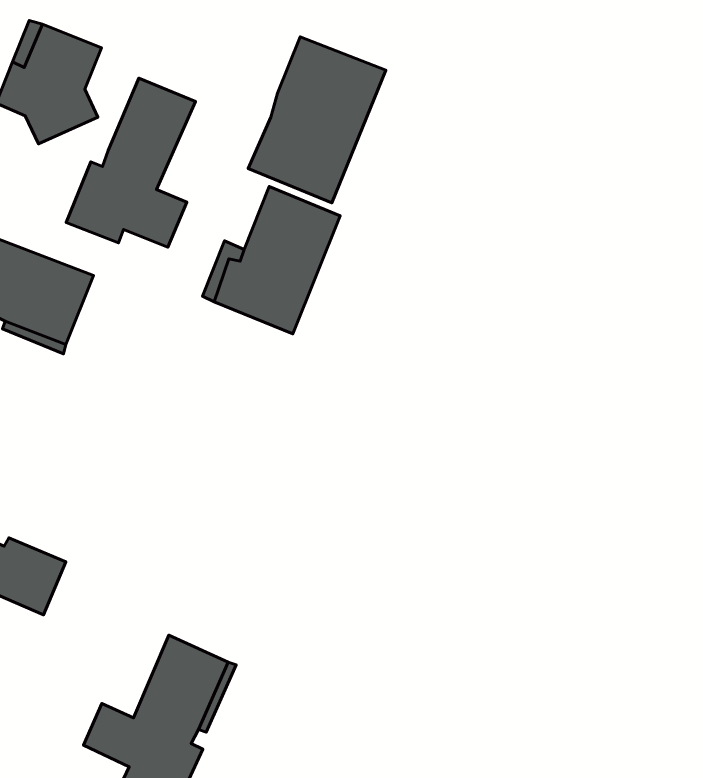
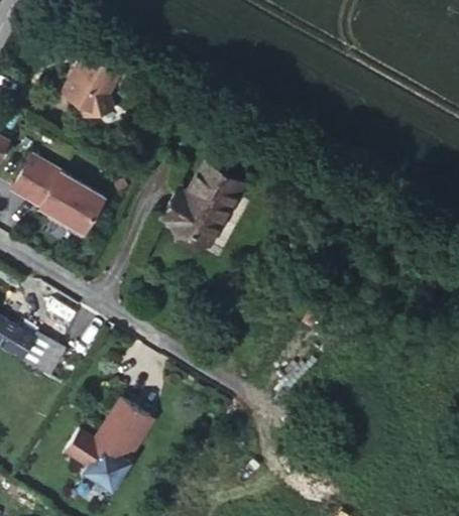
building: [248,37,386,203] -> none
building: [66,78,196,247] -> none

